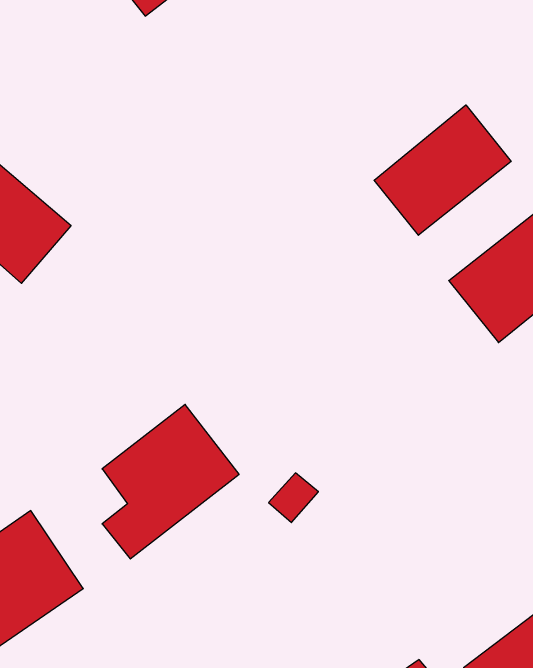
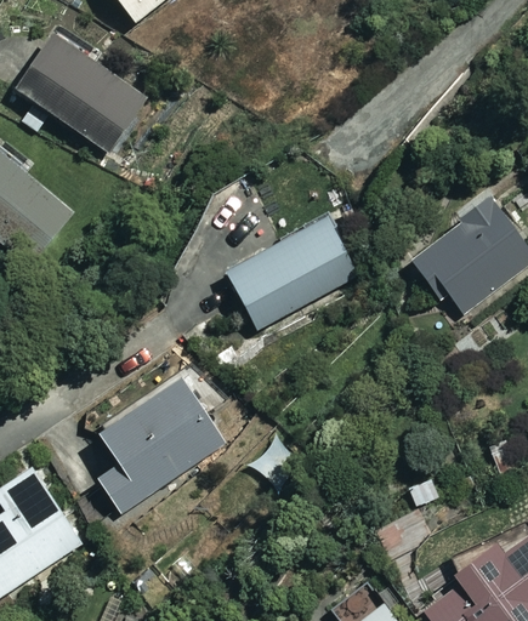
building: none -> [21,40,144,152]
building: [374,105,511,235] -> none
building: none -> [229,218,356,324]

